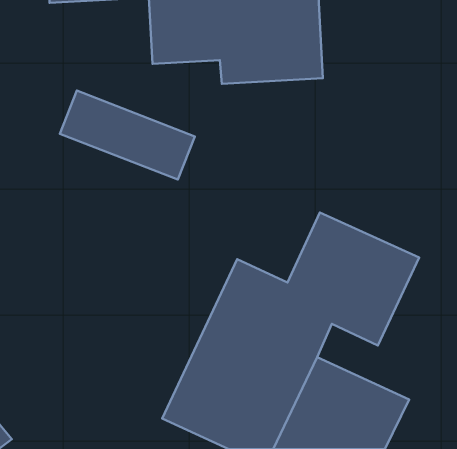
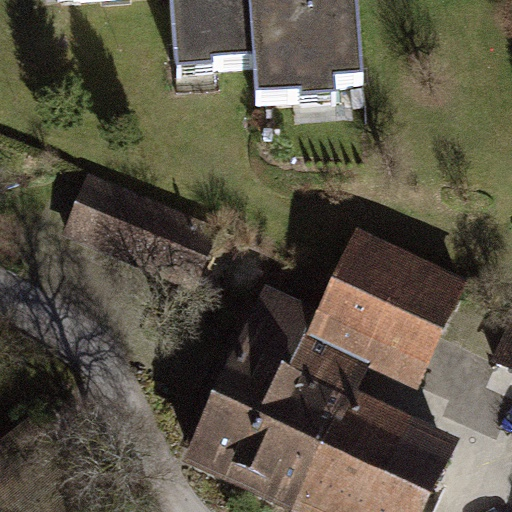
building: [60,90,195,180] -> [65,176,215,275]

